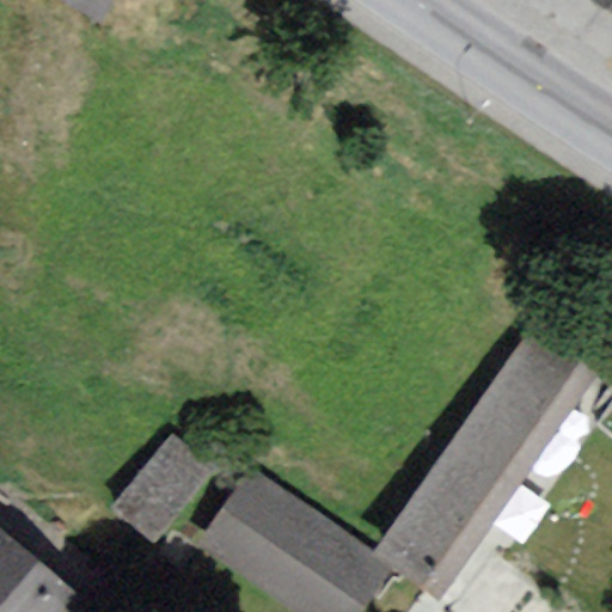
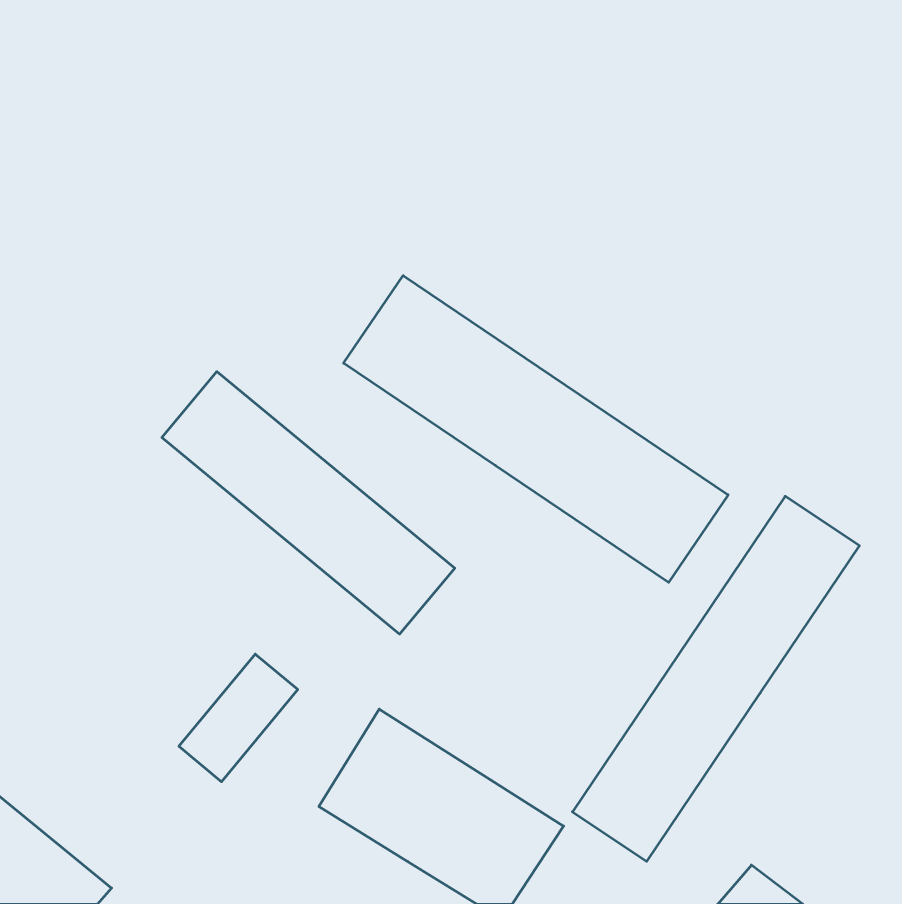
building: none -> [344,276,728,582]
building: none -> [162,372,455,634]

